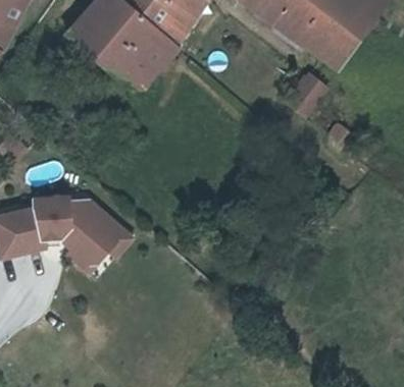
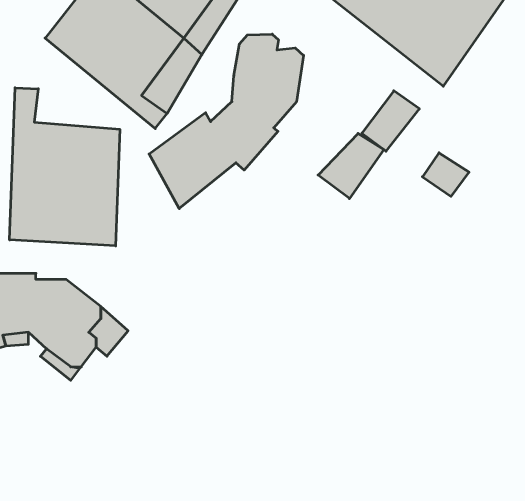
building: none -> [149,34,304,209]
building: none -> [10,88,120,246]
building: none -> [318,133,384,199]

